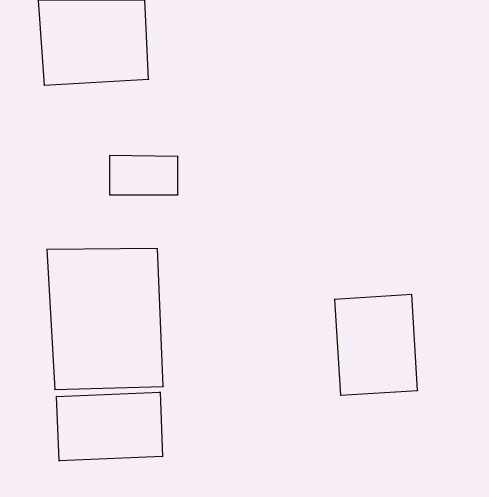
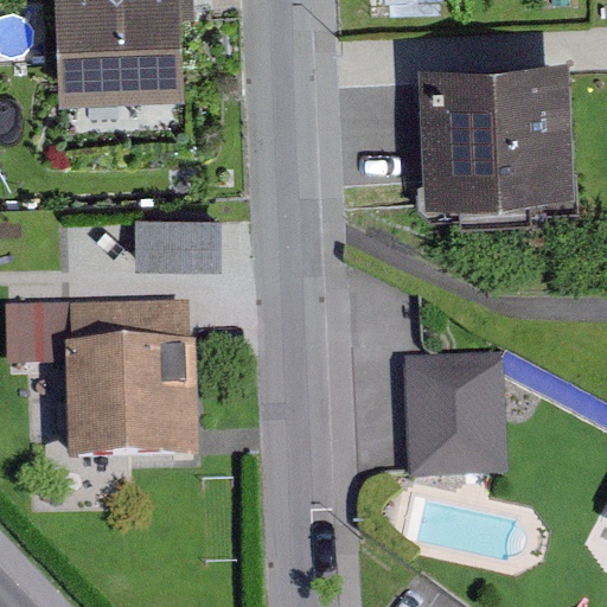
building: none -> [426,63,573,204]
building: [57,392,163,461] -> none

